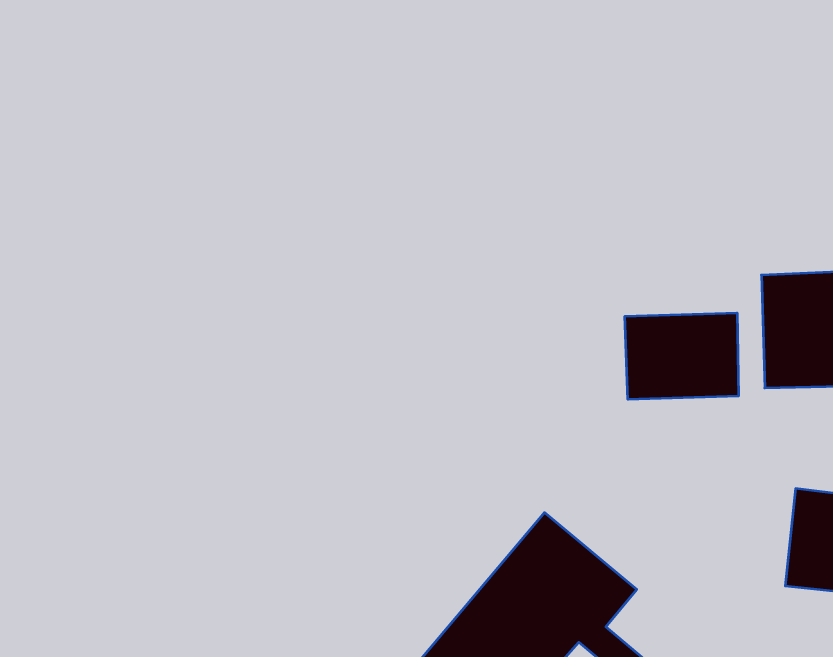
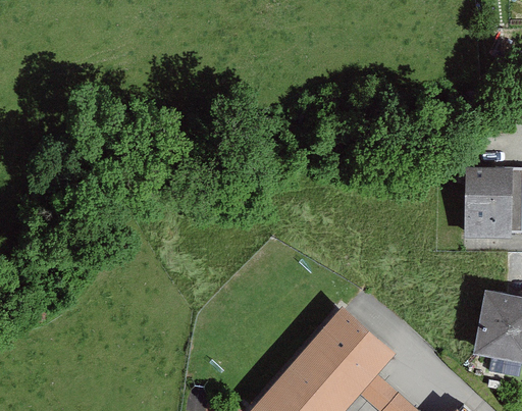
building: [625,313,738,399] -> none

